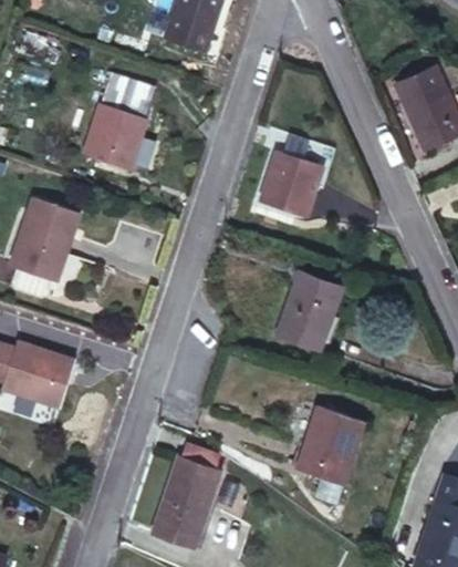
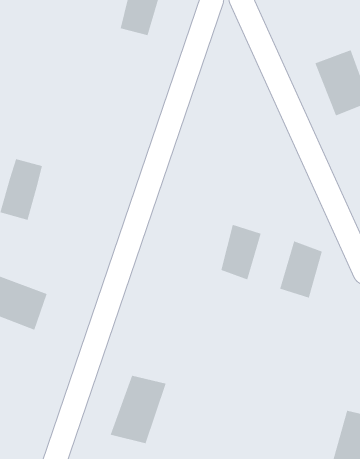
building: [84,78,144,165] -> none
building: [266,150,323,215] -> none
building: none -> [280,240,322,298]
building: [301,413,355,480] -> none

